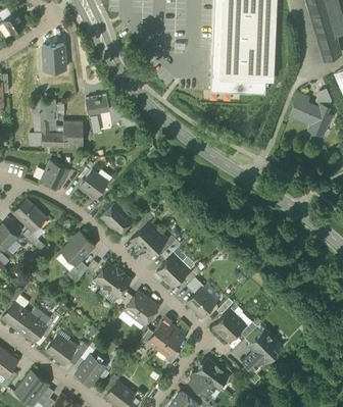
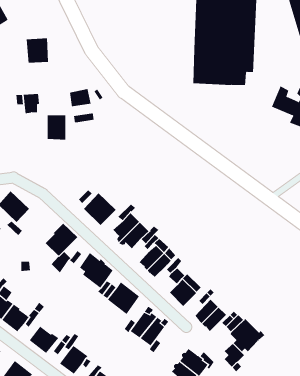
building: [41,120,63,147] -> none
building: [41,160,68,189] -> none
building: [80,169,106,198] -> none

